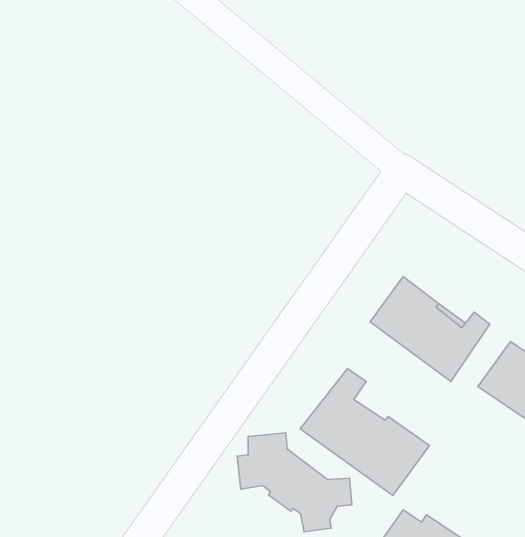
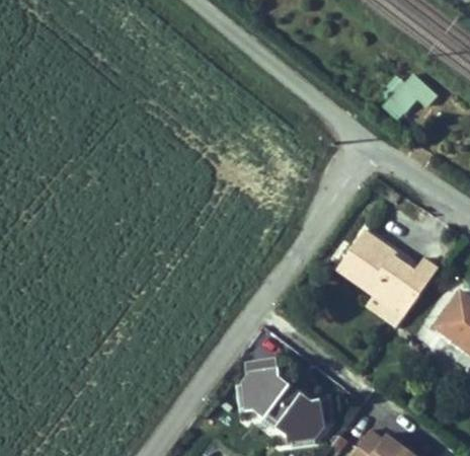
building: none -> [377,71,440,125]
building: [300,368,429,495] -> none

